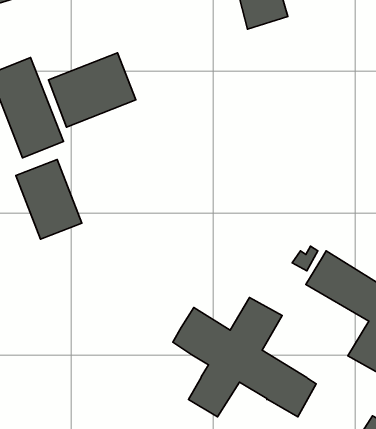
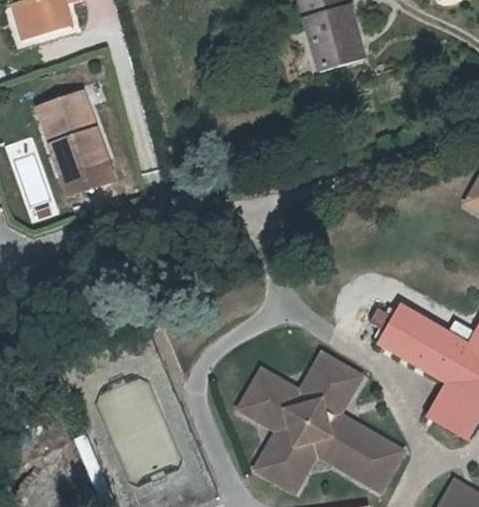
building: [48,53,136,127] -> none
building: [16,160,82,239] -> none

